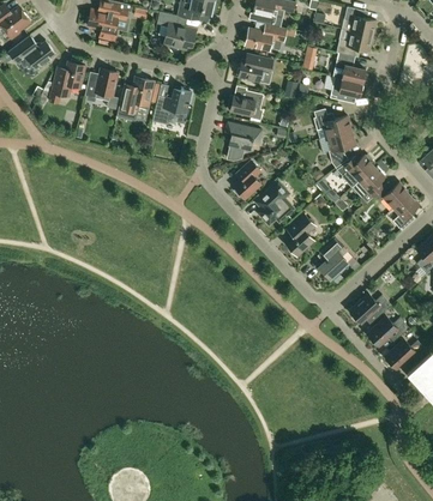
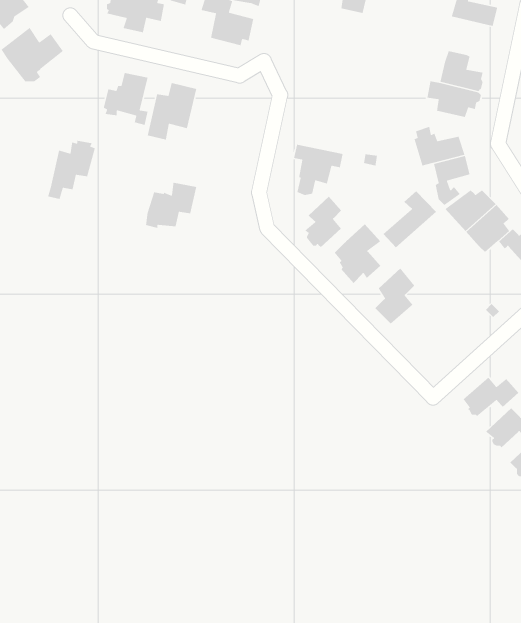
building: [245,24,291,50] -> none
building: [337,29,373,56] -> none
building: [239,54,273,84] -> none
building: [50,60,86,104] -> [47,140,96,200]
building: [154,89,192,123] -> [145,182,197,229]
building: [229,91,264,121] -> none
building: none -> [382,191,437,248]
building: [319,239,348,279] -> none

